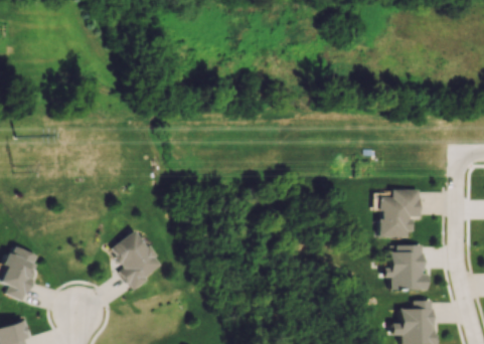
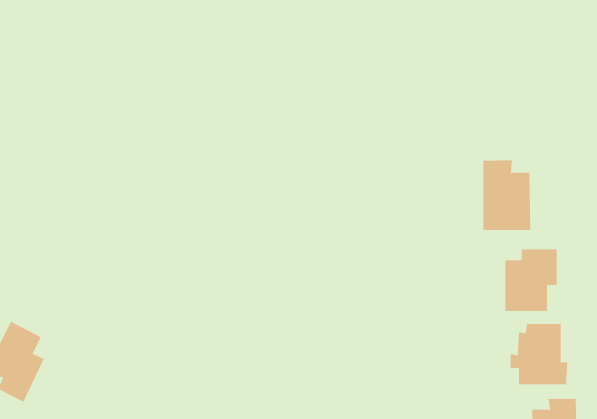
building: none -> [483,159,531,231]
building: [110,229,162,289] -> none

